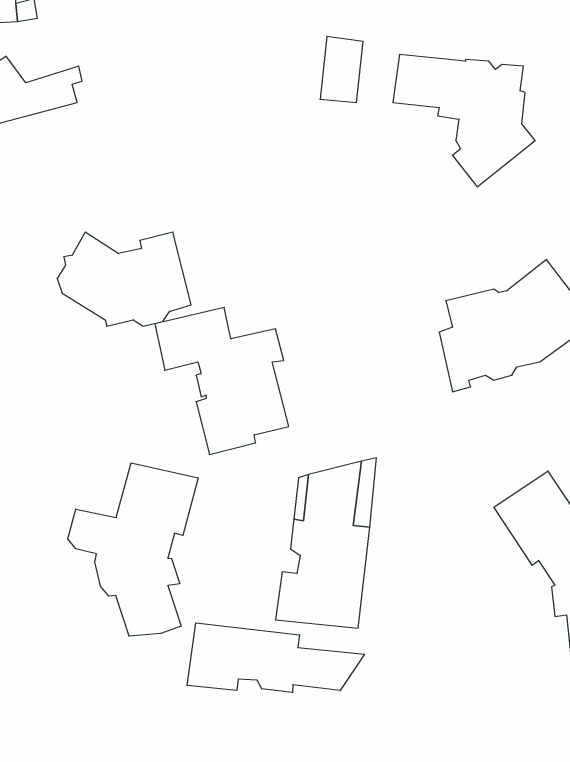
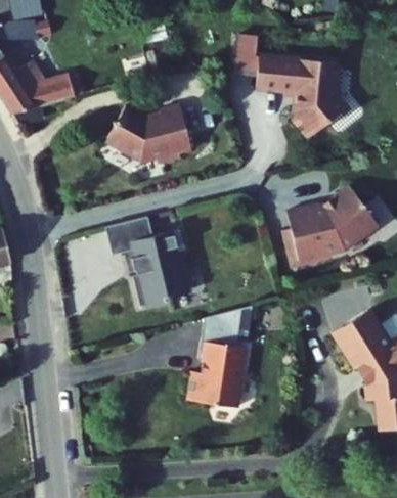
building: [57,232,191,326] -> [117,102,200,161]
building: [68,463,198,636] -> none
building: [187,623,364,693] -> none

